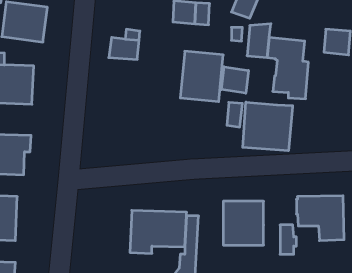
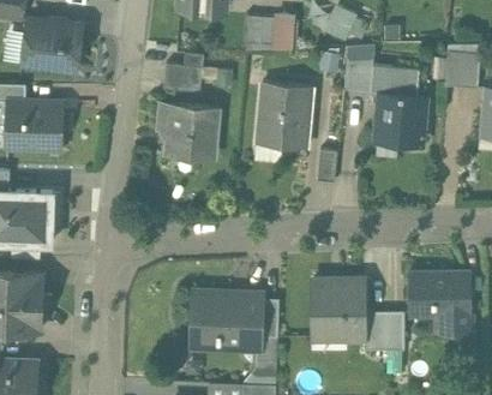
building: [221,67,248,93] -> none
building: none -> [157,104,216,158]
building: [243,102,293,151] -> none
building: none -> [364,311,386,349]

